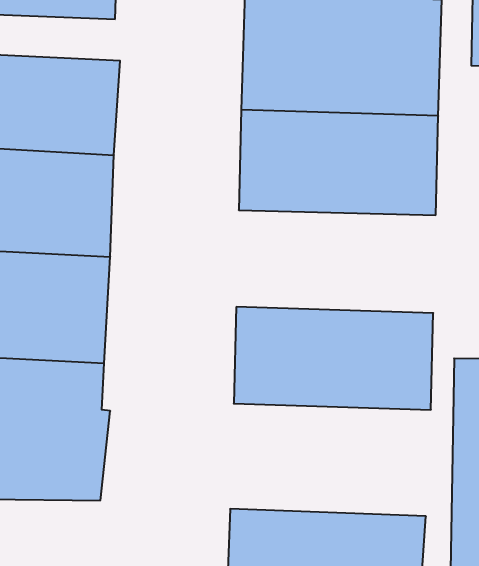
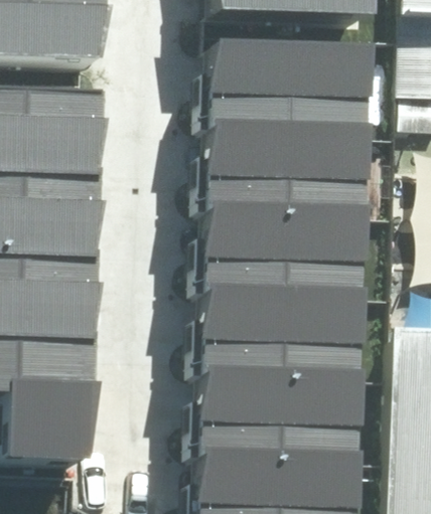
building: none -> [204,217,369,302]
building: none -> [199,376,365,469]

